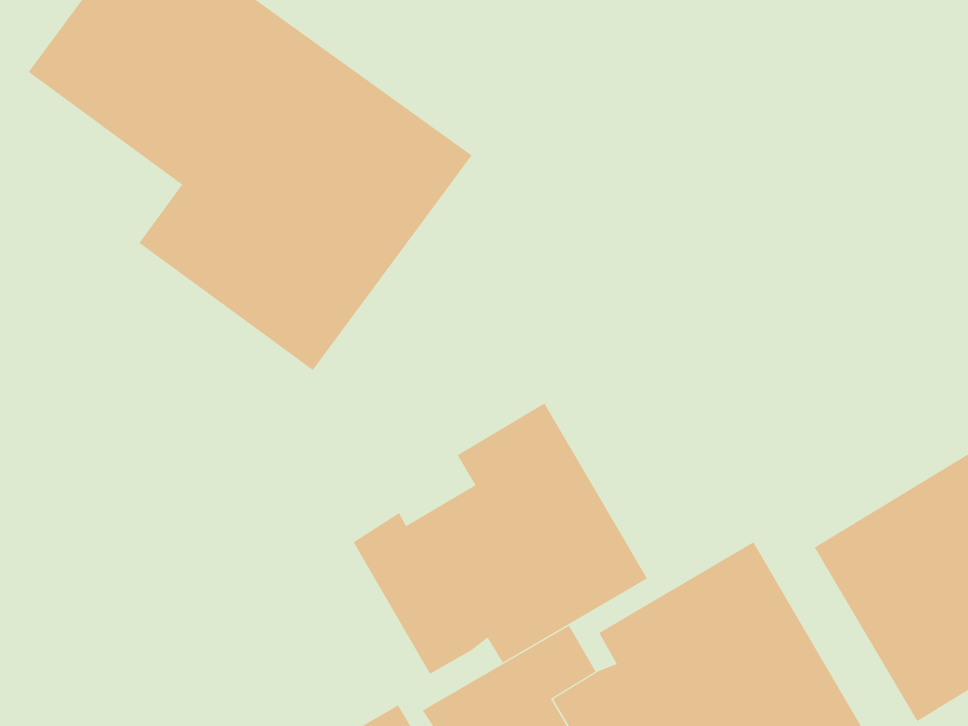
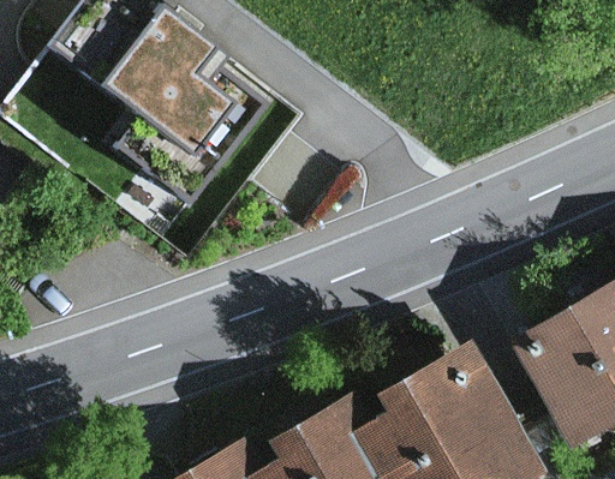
building: [353,402,648,675] -> none

